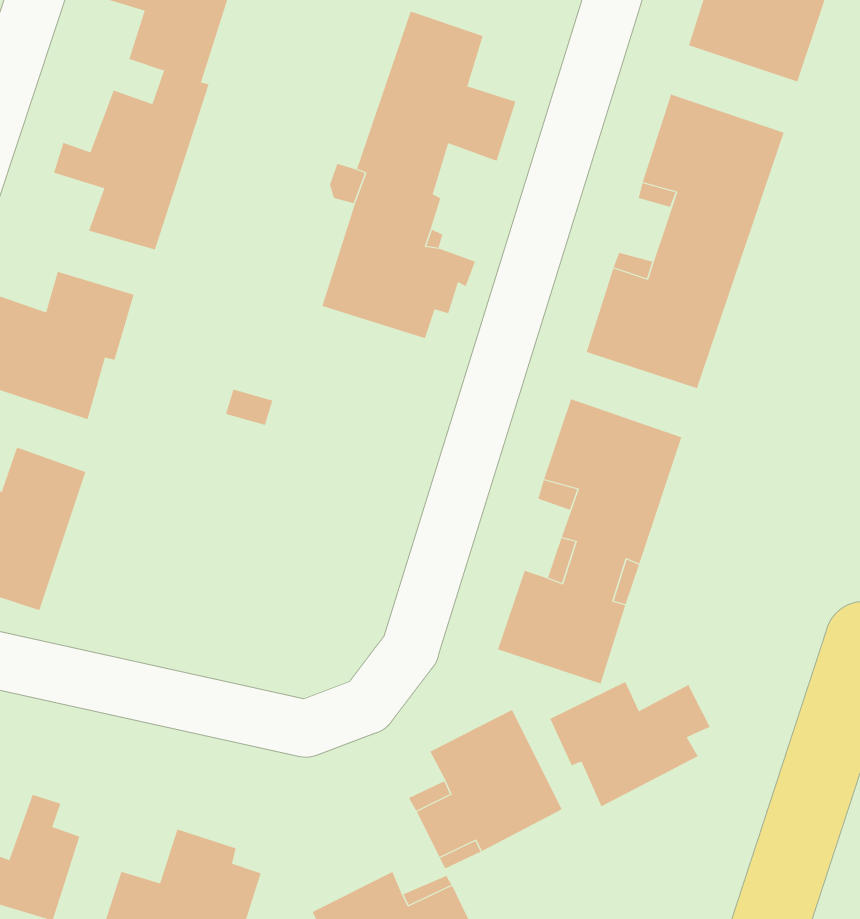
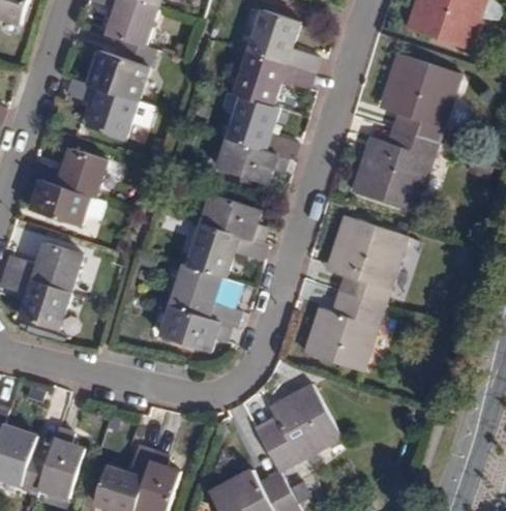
building: none -> [158,193,262,354]
building: [549,681,710,807] -> none

